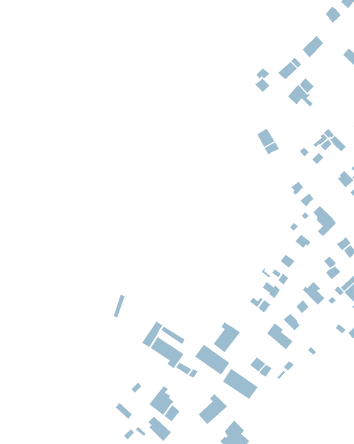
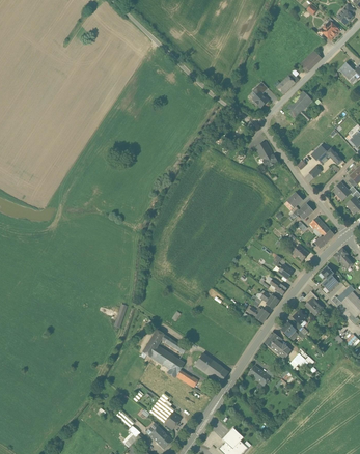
building: [213,321,241,353] -> none
building: [222,368,258,400] -> none
building: [198,393,228,425] -> none

